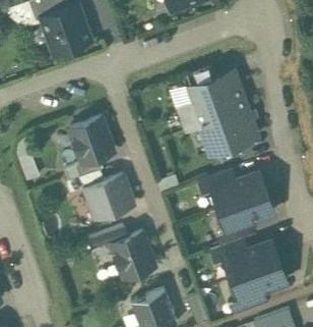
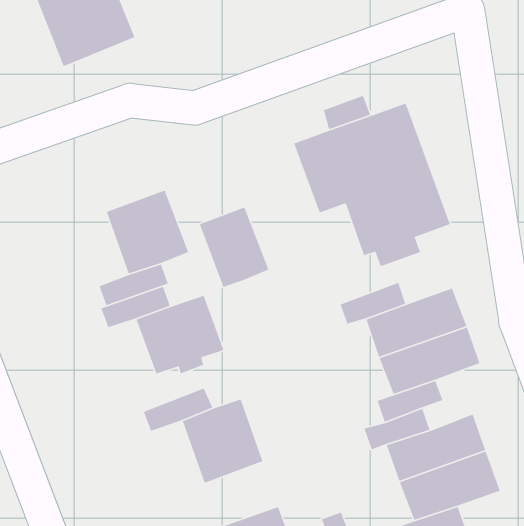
building: none -> [199,207,270,288]

